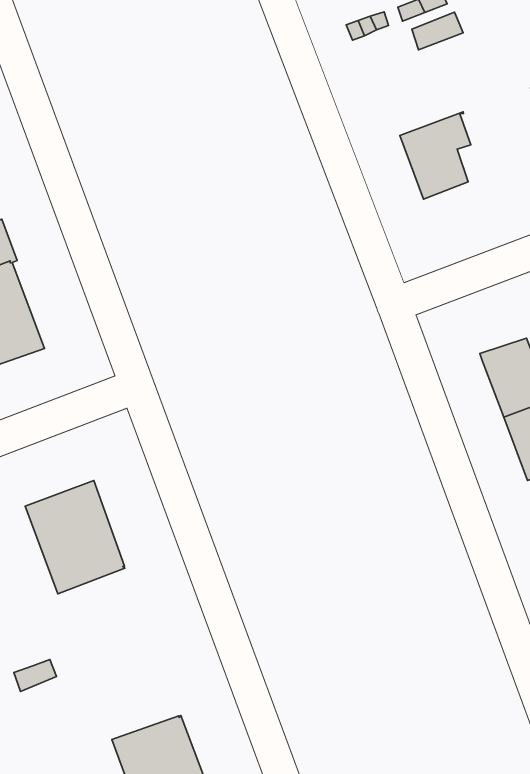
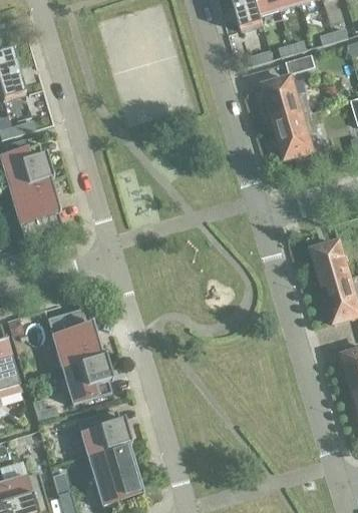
building: none -> [263,76,311,121]
building: none -> [61,355,111,403]
building: none -> [76,408,129,454]

